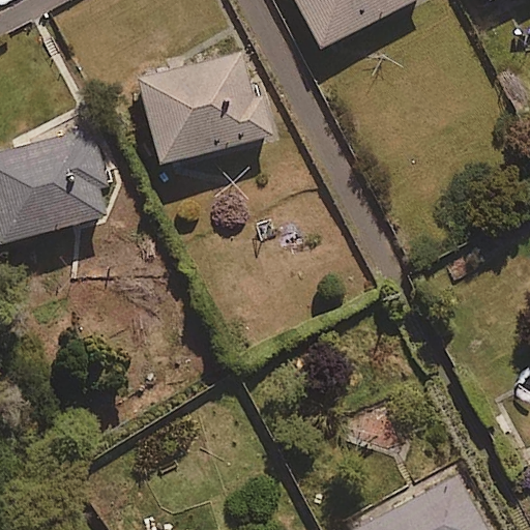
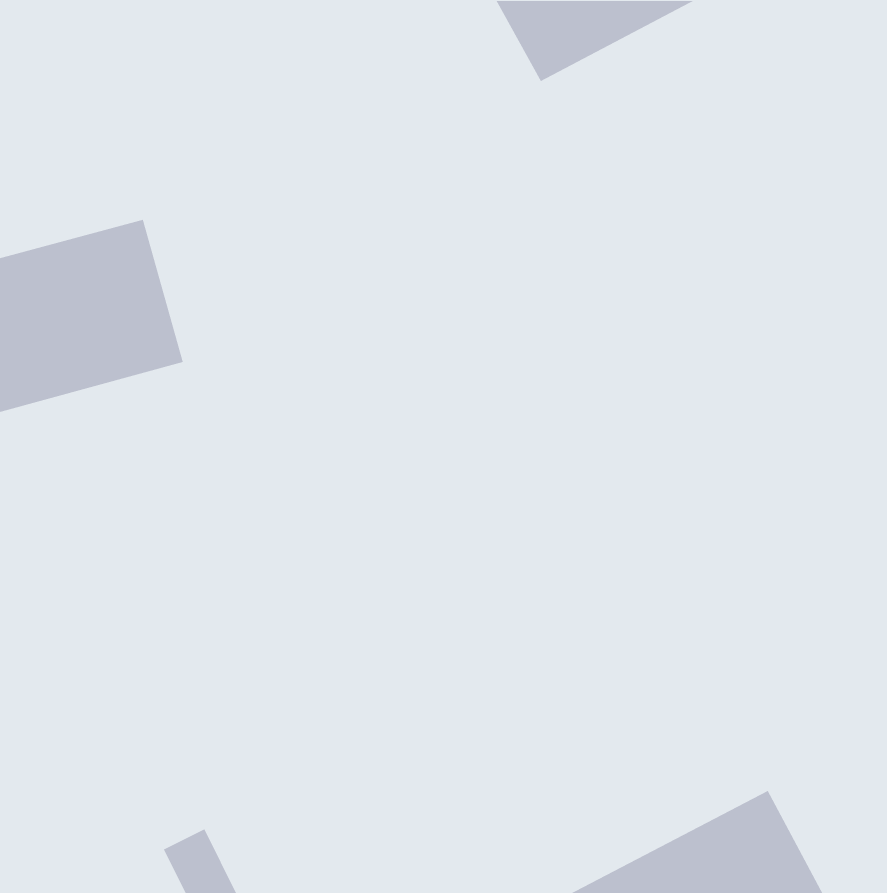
building: [138,53,262,166] -> none

